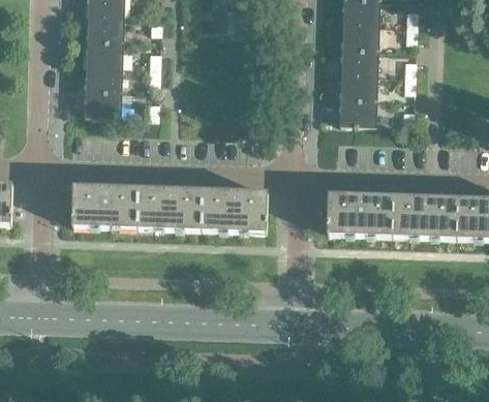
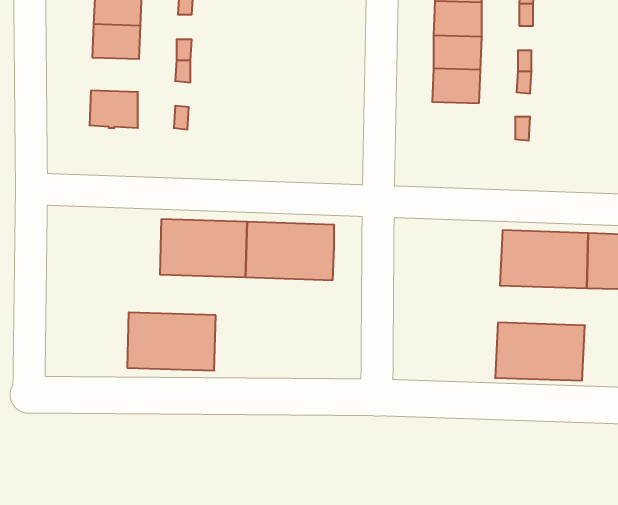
building: [86,64,122,90] -> none
building: [340,97,376,125] -> none
building: [72,183,139,226] -> [127,312,216,370]
building: [327,191,394,235] -> [495,323,585,381]

